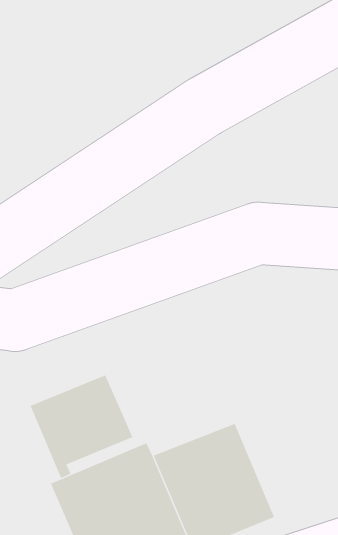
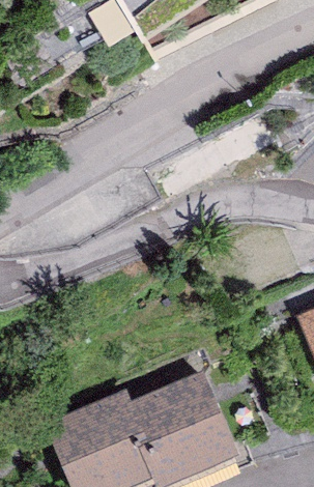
building: [30,374,133,479] -> none

